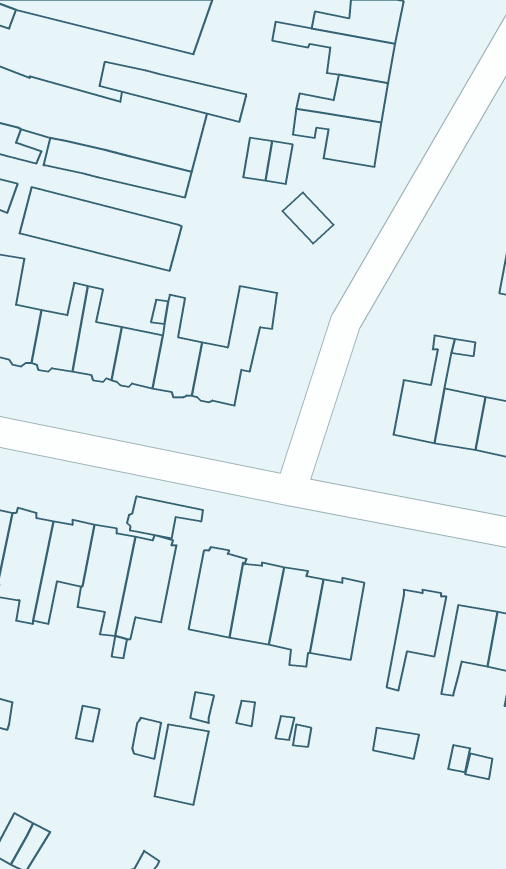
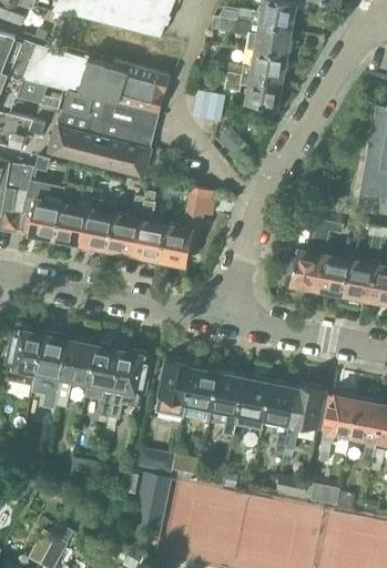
building: [99,62,246,122] -> [59,109,154,148]
building: [127,496,203,539] -> none
building: none -> [264,381,296,456]

